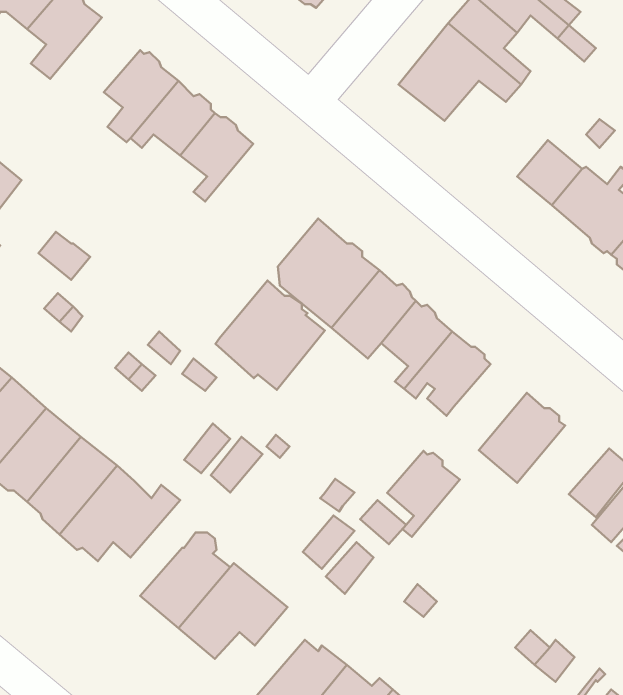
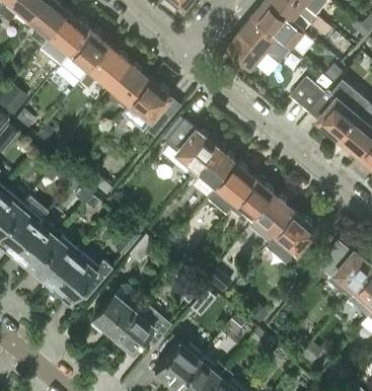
building: none -> [43,13,90,54]
building: [216,281,325,390] -> [123,80,180,138]
building: [387,451,460,537] -> [256,197,295,242]

